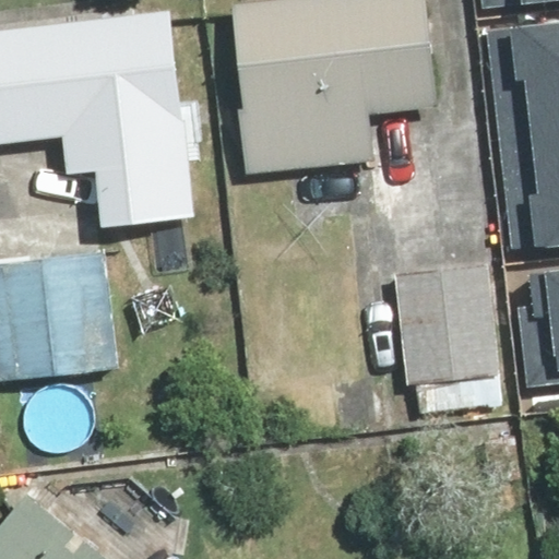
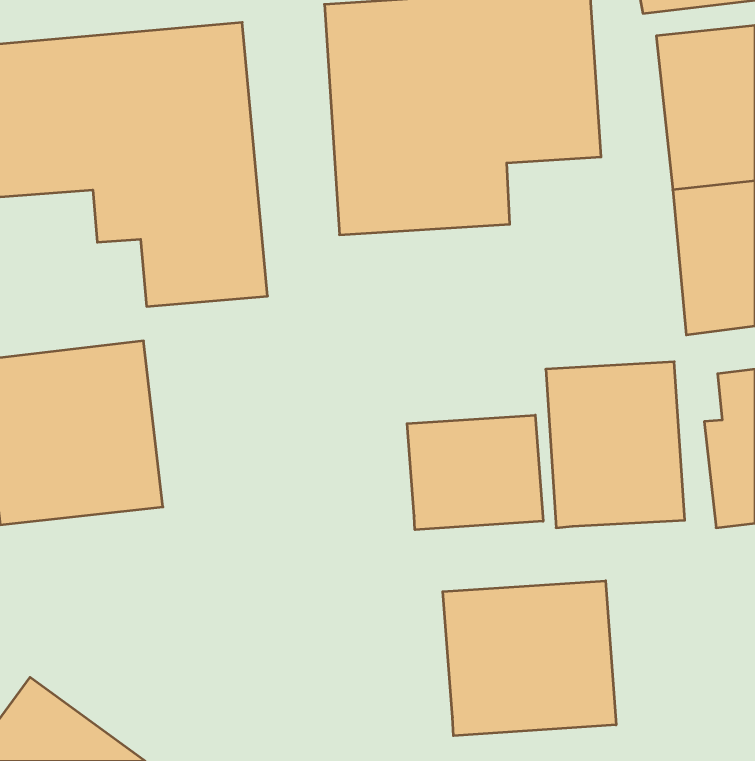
building: none -> [407,415,543,530]
building: none -> [443,581,616,736]

